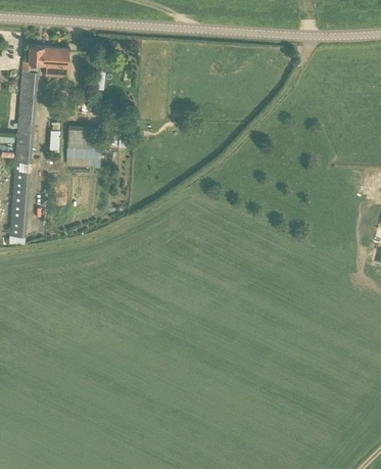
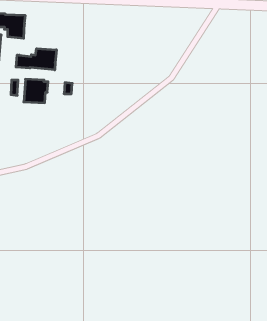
building: none -> [16,49,56,70]

